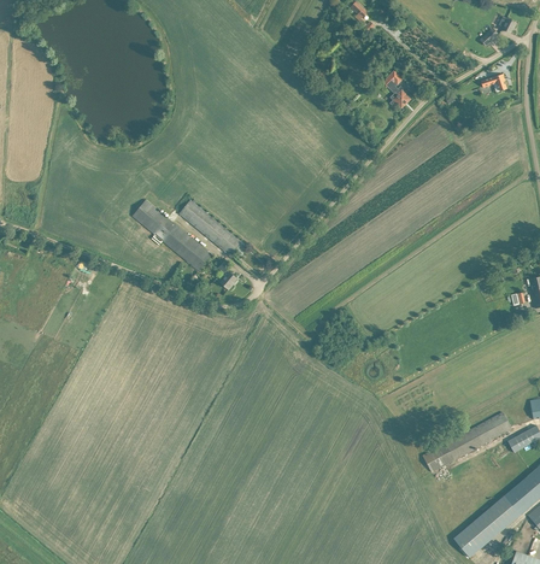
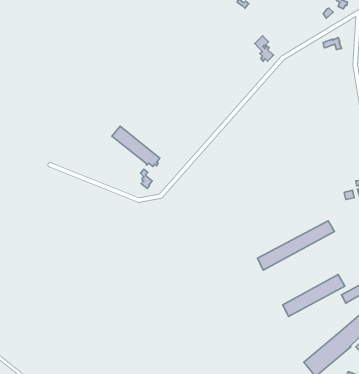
building: [133,200,213,271] -> none
building: none -> [257,221,335,270]

